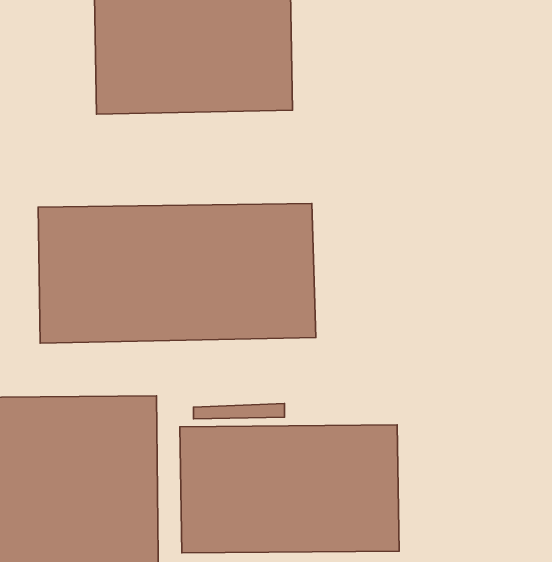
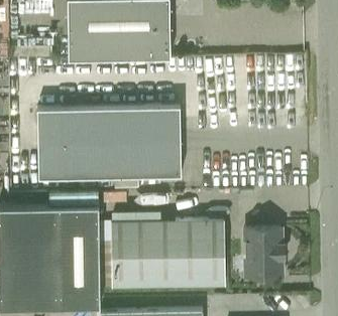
building: none -> [245,230,284,280]

